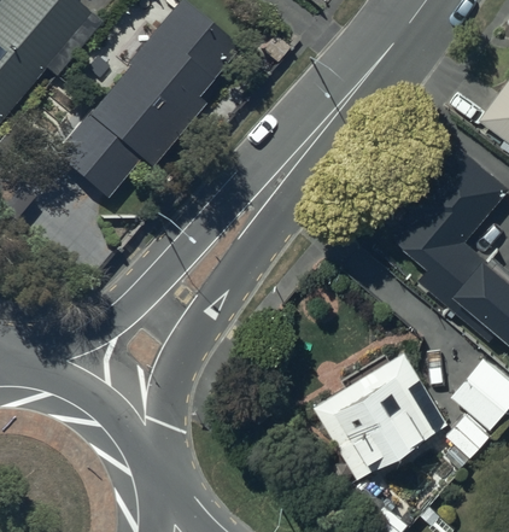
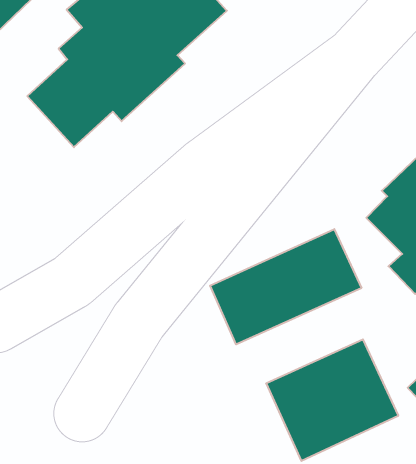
building: none -> [210,229,361,344]

